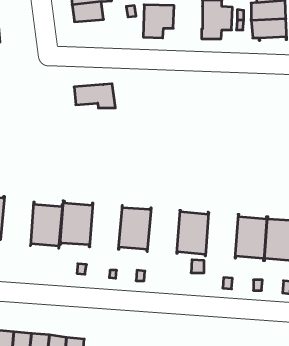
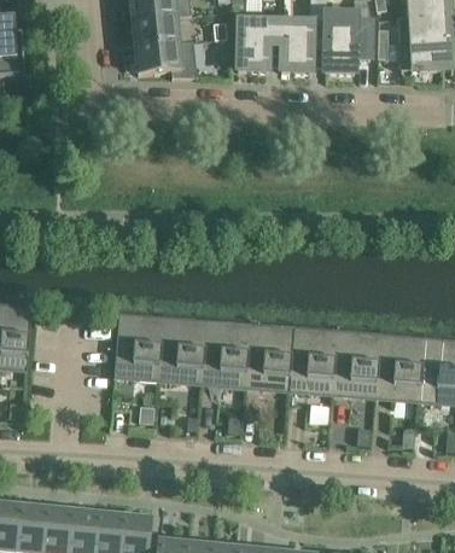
building: none -> [281,22,326,71]
building: [74,84,115,108] -> [135,41,197,77]
building: [30,202,63,248] -> [158,316,206,385]
building: none -> [244,324,292,391]
building: none -> [331,331,379,398]

